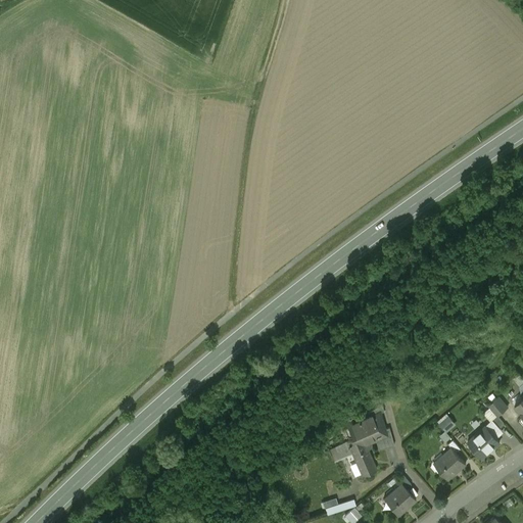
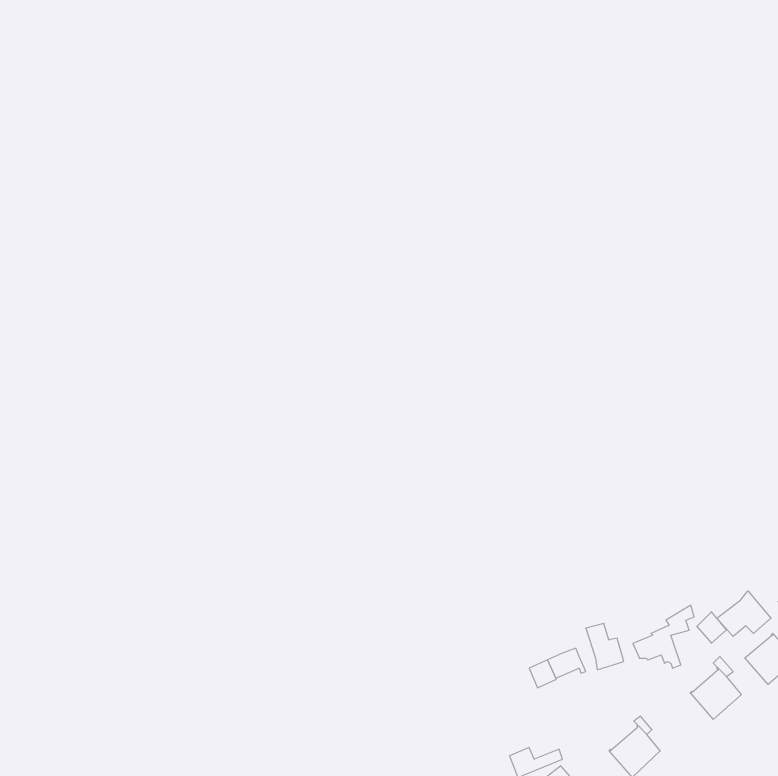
building: none -> [717,591,771,636]
building: [346,406,384,444] -> [633,605,694,668]
building: [351,448,376,478] -> none

